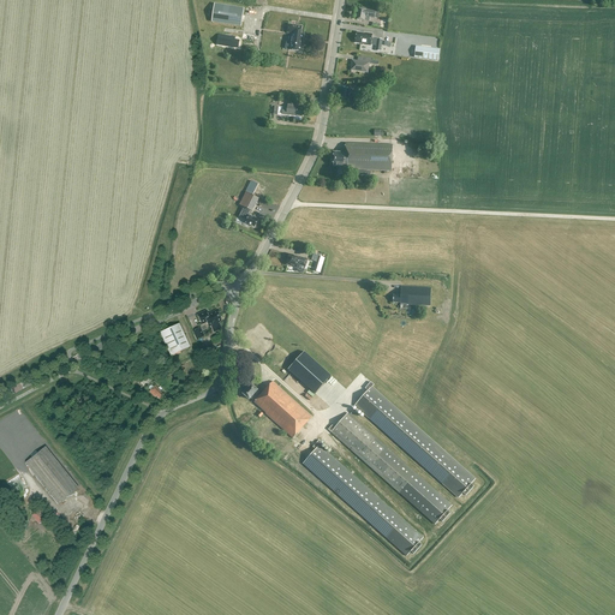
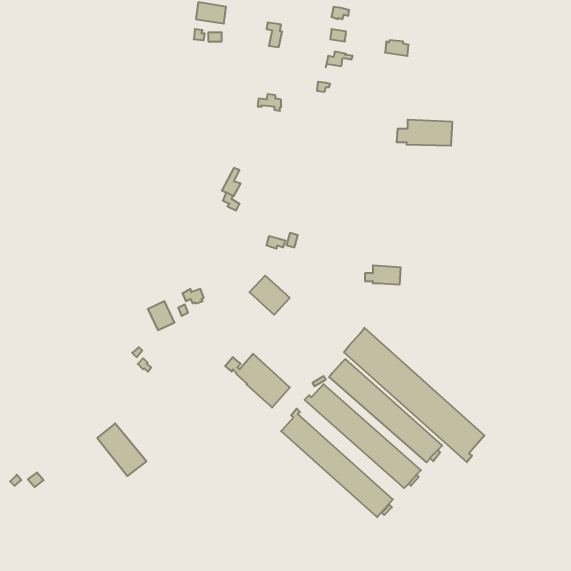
building: [332,142,392,169] -> [396,120,452,145]
building: [287,351,330,393] -> [249,276,290,315]
building: none -> [344,328,484,462]
building: [24,446,77,502] -> [97,423,146,476]

